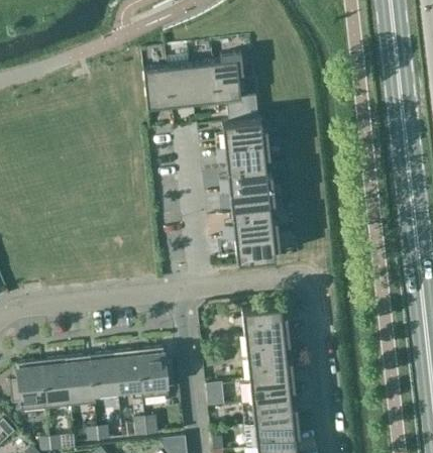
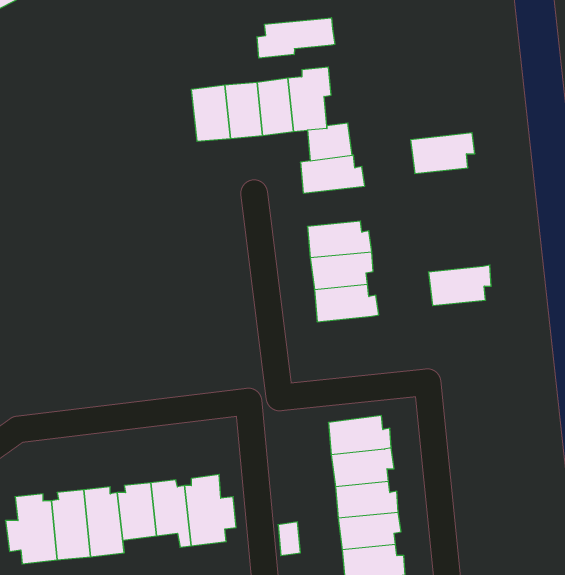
building: none -> [257,18,335,58]
building: [225,139,272,168] -> [411,133,475,173]
building: [235,232,281,261] -> [428,265,491,306]

